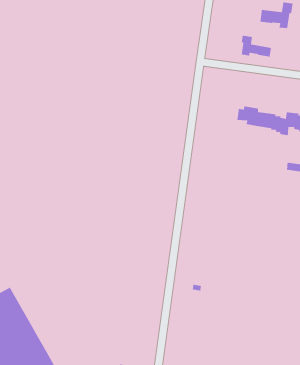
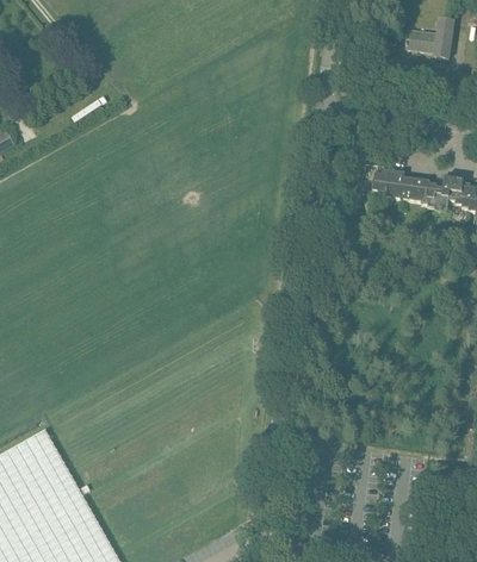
building: [241,35,272,57] -> none

